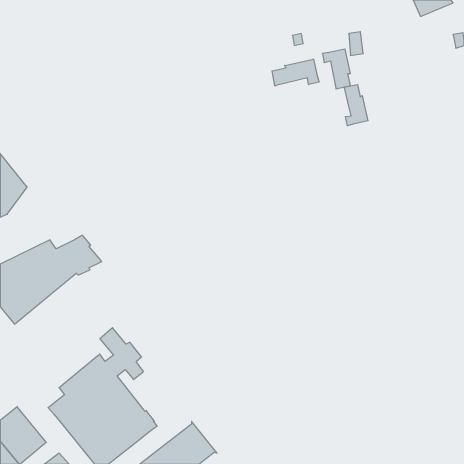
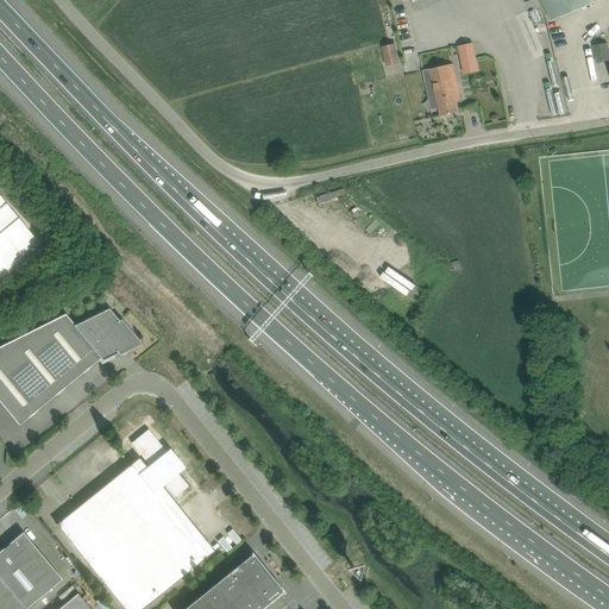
building: [272,59,319,86] -> none
building: [344,85,368,126] -> none

